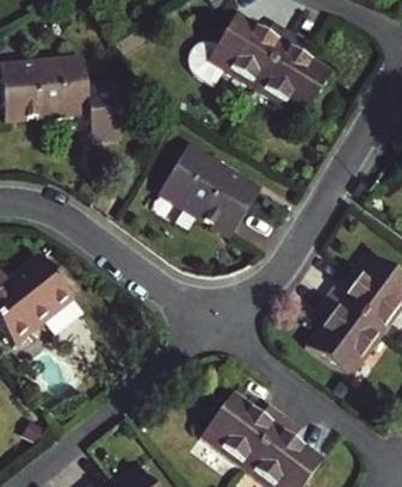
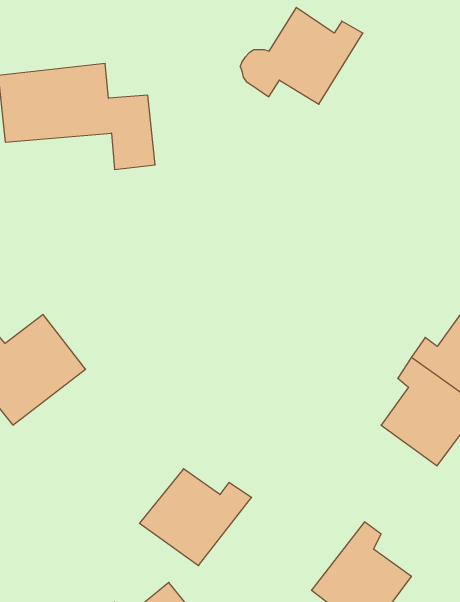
building: [254,32,329,117] -> none
building: [160,146,259,235] -> none
building: [202,395,290,471] -> [139,469,252,566]

